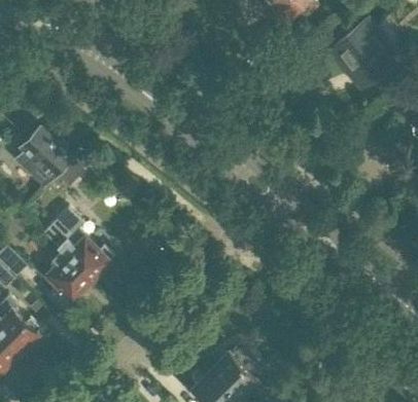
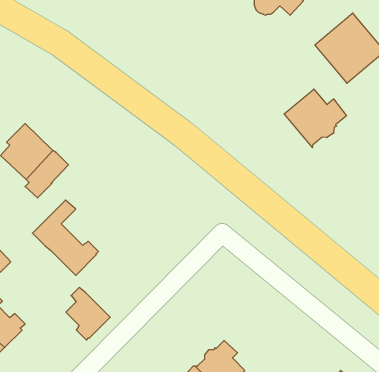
building: none -> [284,89,346,148]
building: [47,249,92,301] -> [66,287,110,340]

